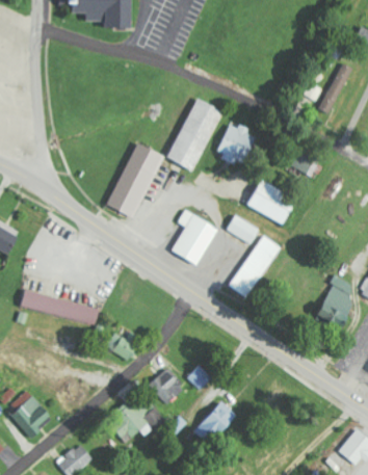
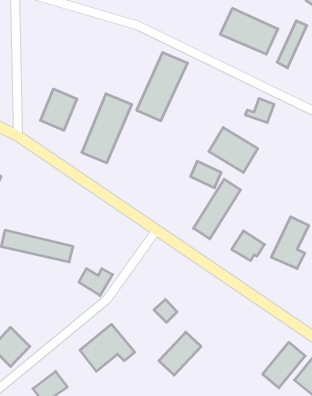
building: none -> [220,8,278,54]
building: [214,124,257,163] -> none
building: none -> [40,89,77,130]
building: [172,210,217,265] -> none
building: none -> [232,231,265,261]
building: [148,368,184,405] -> none
building: none -> [263,342,305,388]

